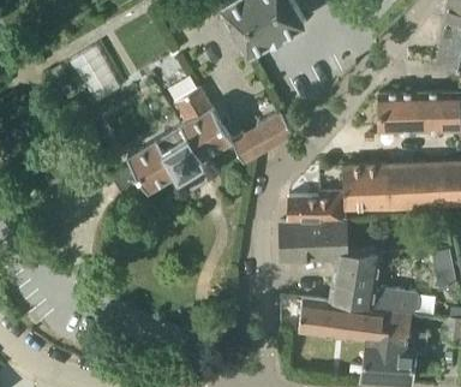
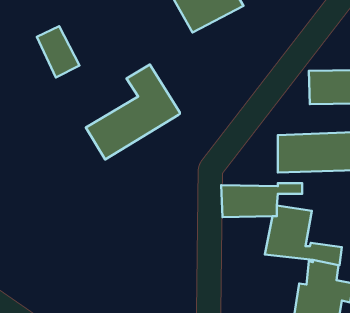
building: [232,112,294,163] -> none
building: [288,194,343,221] -> none
building: [299,299,378,341] -> none

